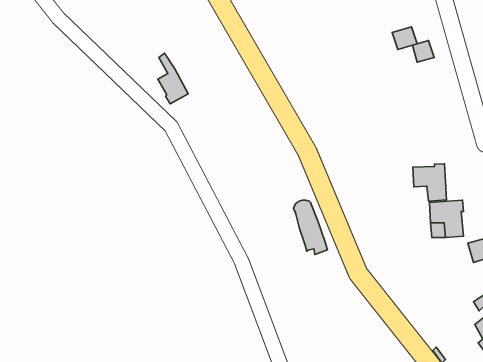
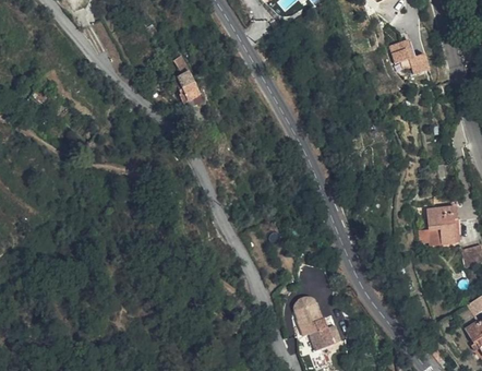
building: [413,164,446,201] -> none
building: [293,200,327,255] -> [299,296,332,348]

